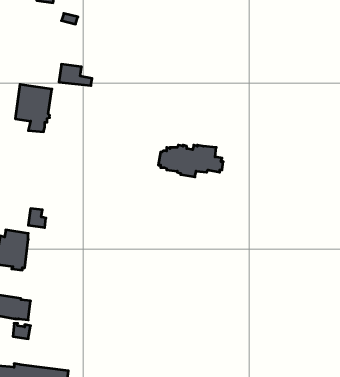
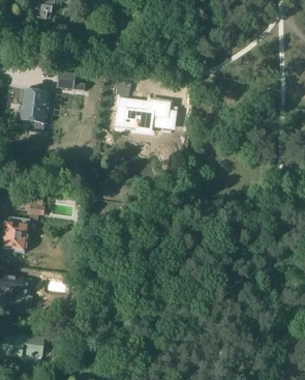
building: [158,145,223,177] -> [118,101,175,129]

